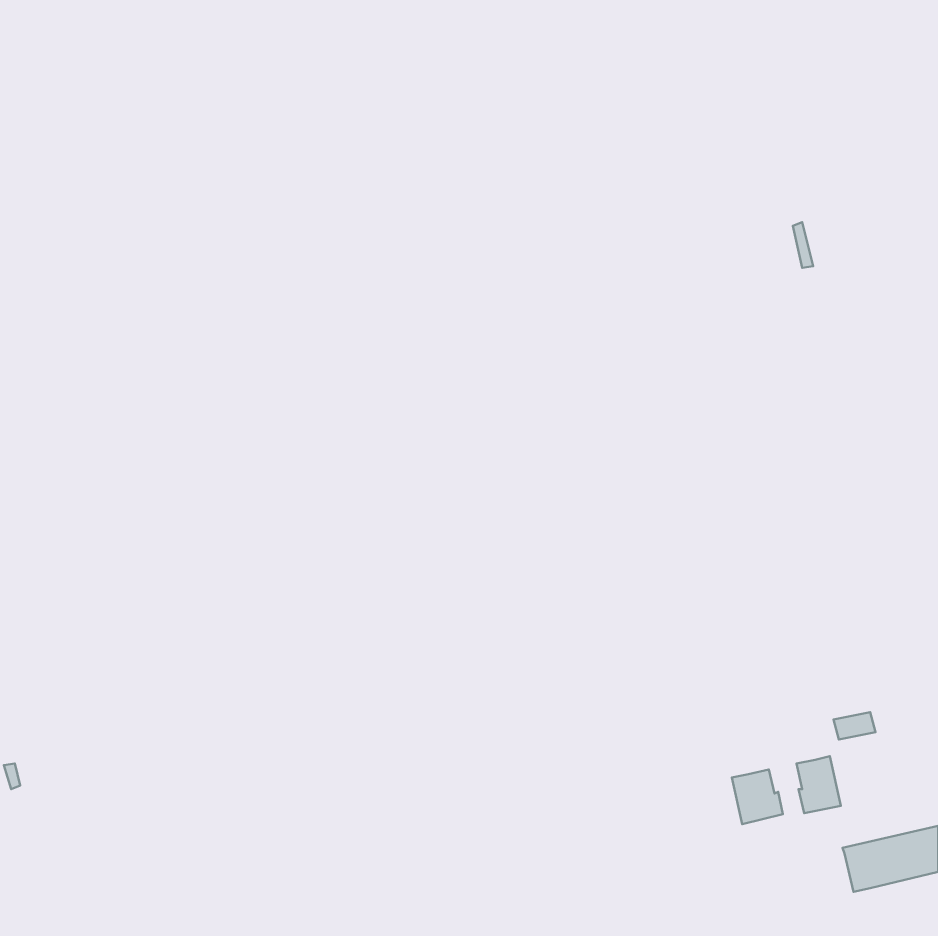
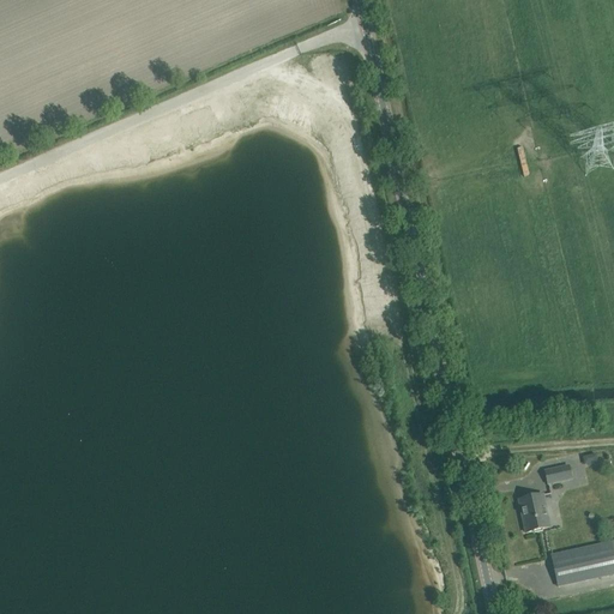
building: [732,769,783,824] -> none

